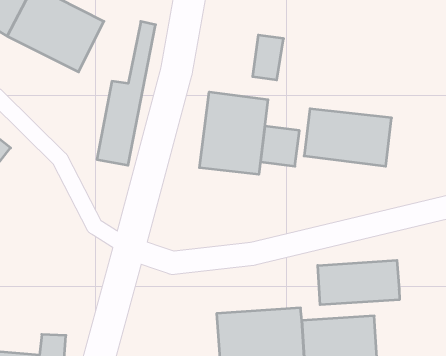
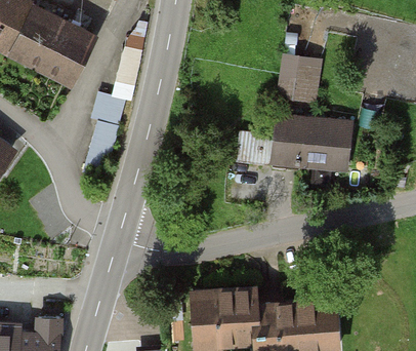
building: [253,35,284,80] -> [290,61,318,101]
building: [199,92,268,174] -> none
building: [318,260,399,305] -> none

